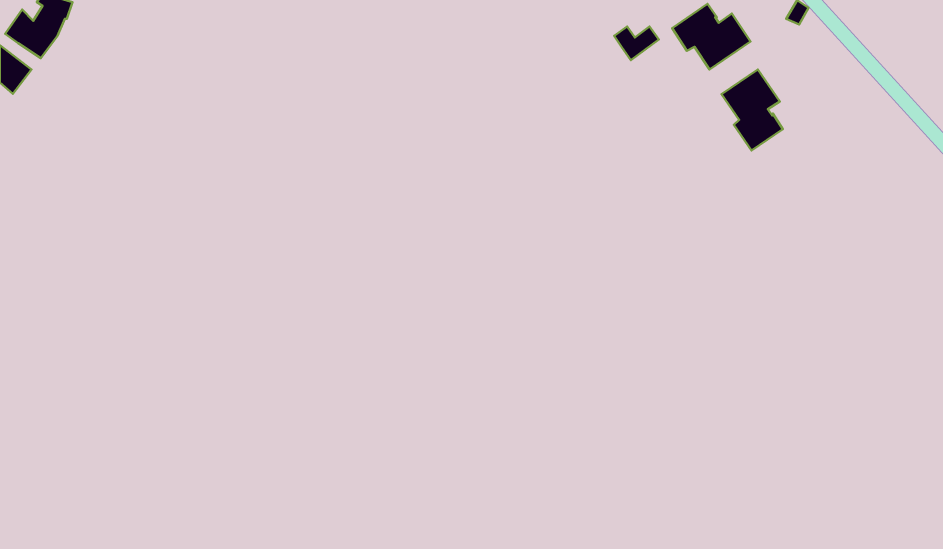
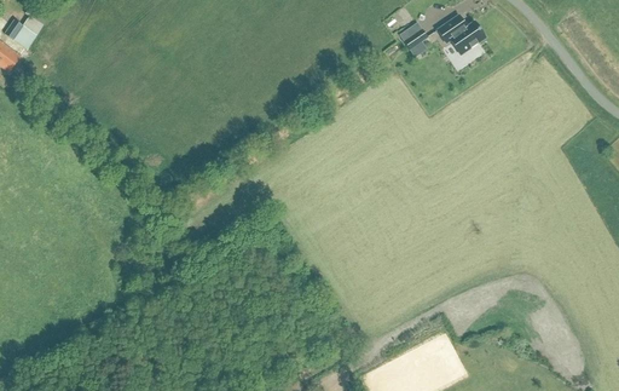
building: [721,69,783,150] -> none

